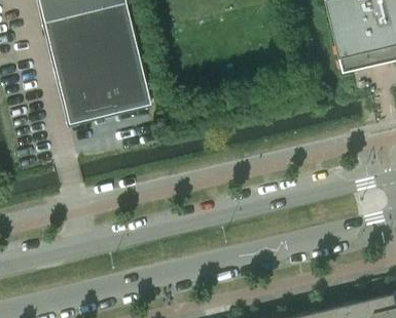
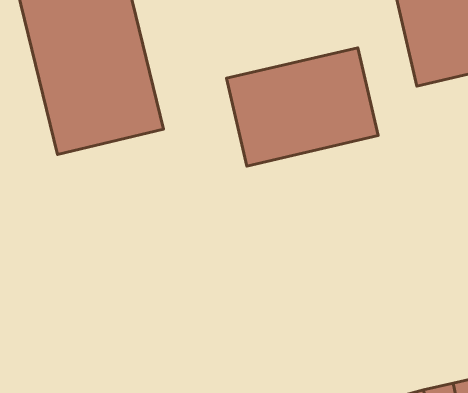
building: none -> [227,48,378,166]

